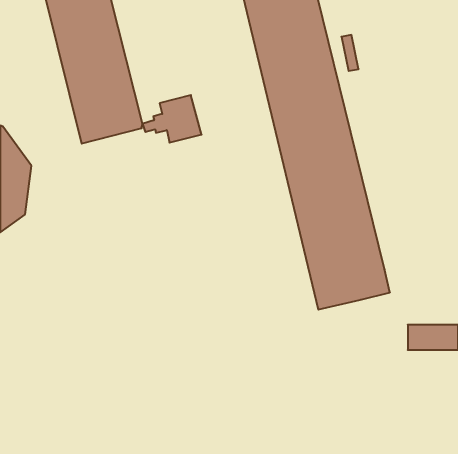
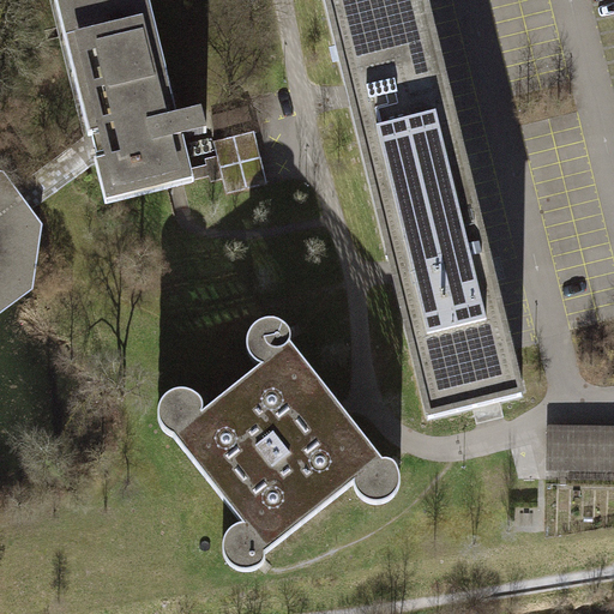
building: none -> [157,315,401,566]

